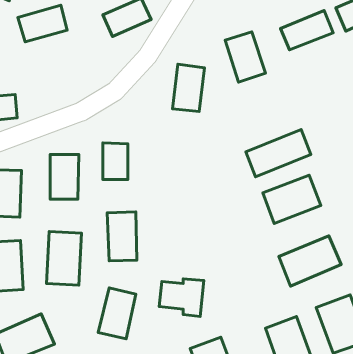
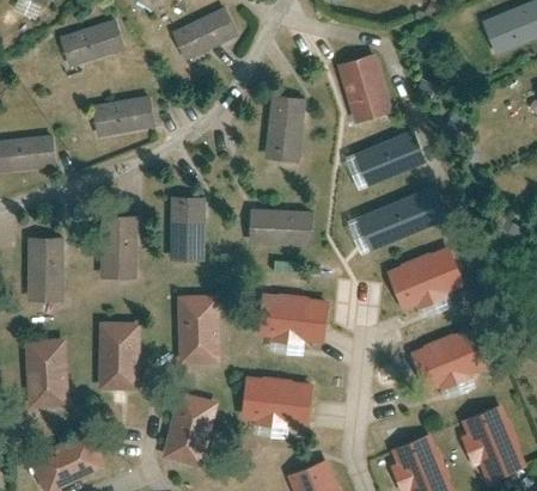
building: [280,11,333,50] -> [354,131,425,184]
building: none -> [91,99,148,136]
building: none -> [252,208,313,247]
building: none -> [255,294,330,348]

